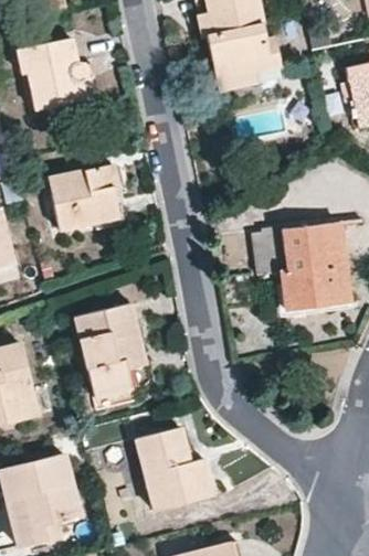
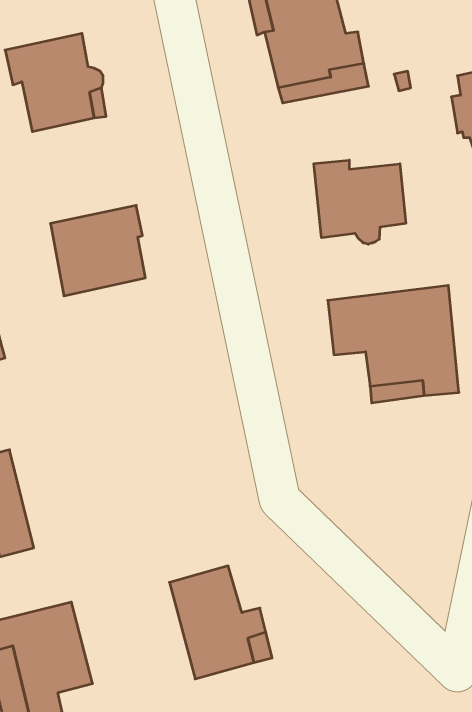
building: none -> [314,160,406,244]
building: [75,303,148,397] -> none

